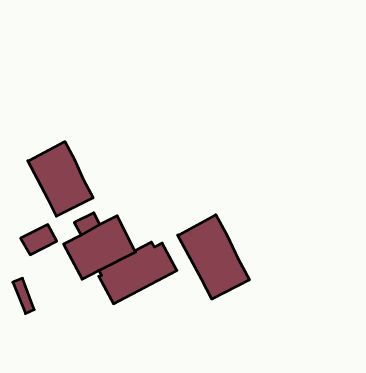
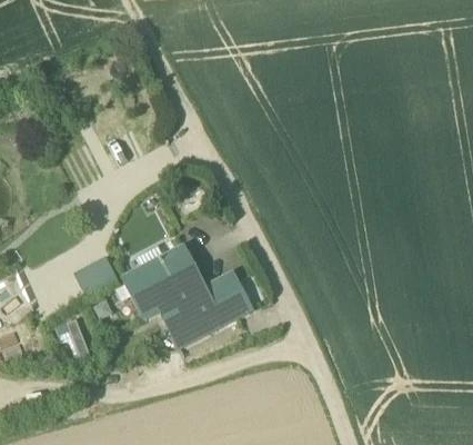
building: [28,142,93,216] -> none
building: [178,215,249,299] -> none

